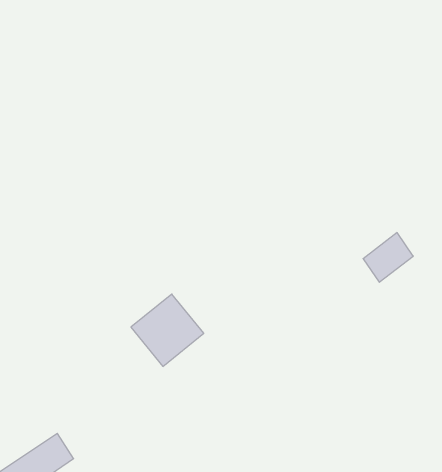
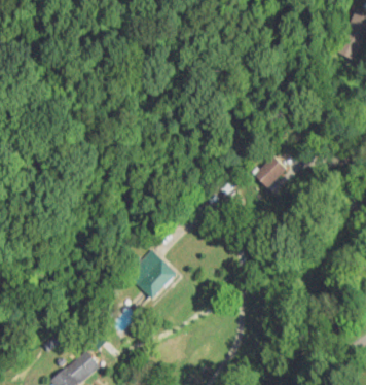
building: [363,233,413,282] -> [254,156,287,190]

